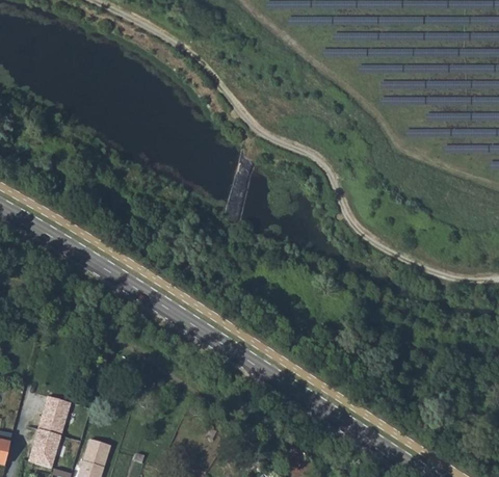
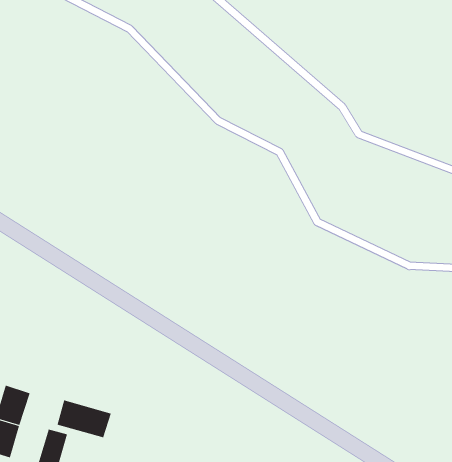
building: none -> [57,399,112,438]

